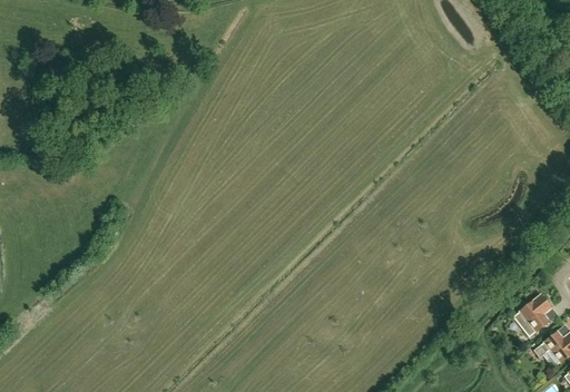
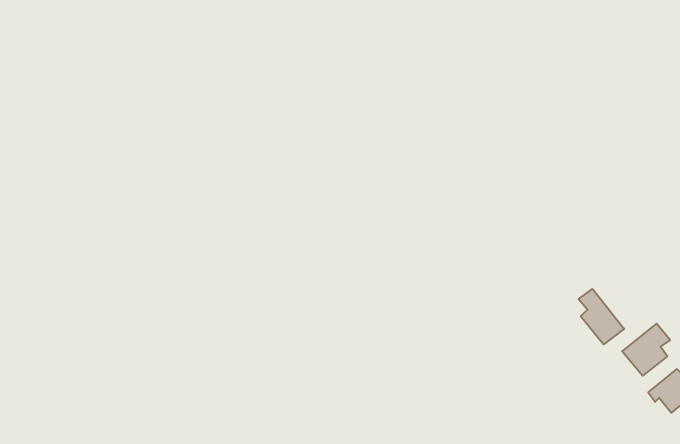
building: none -> [579,289,624,344]

